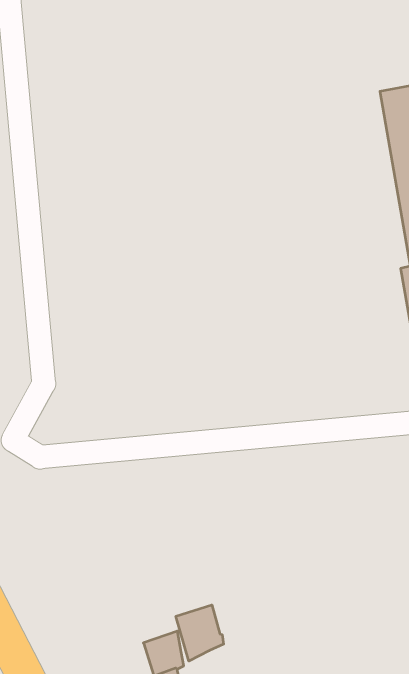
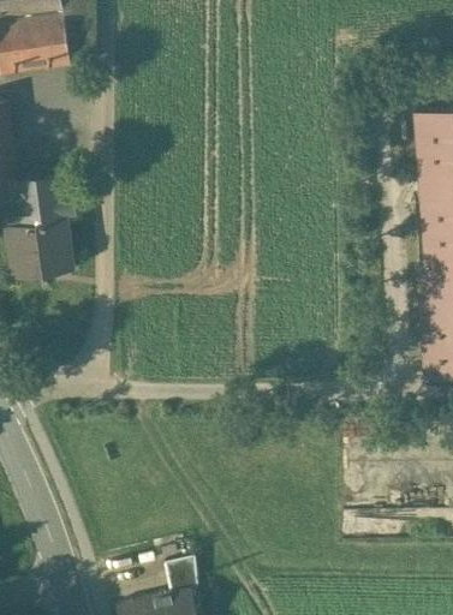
building: [176,605,224,661] -> none

